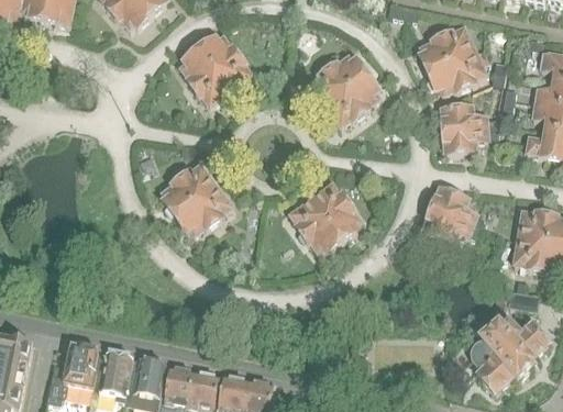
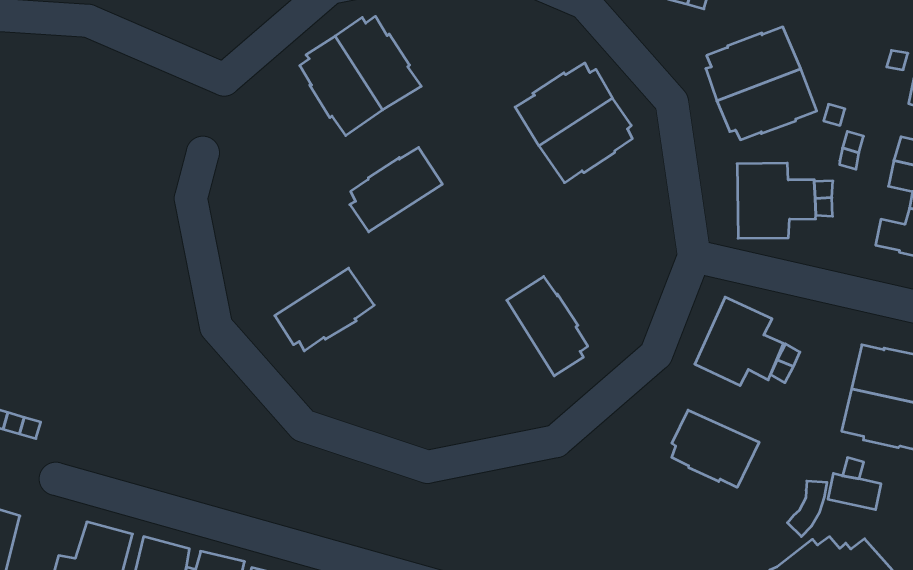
building: [162,163,216,214] -> [350,147,442,232]
building: [289,197,341,252] -> none
building: none -> [672,410,759,487]

